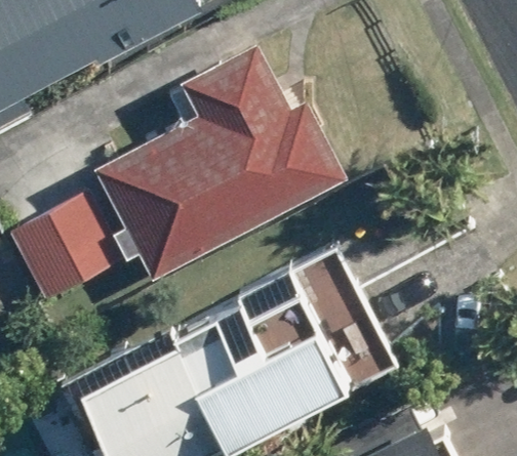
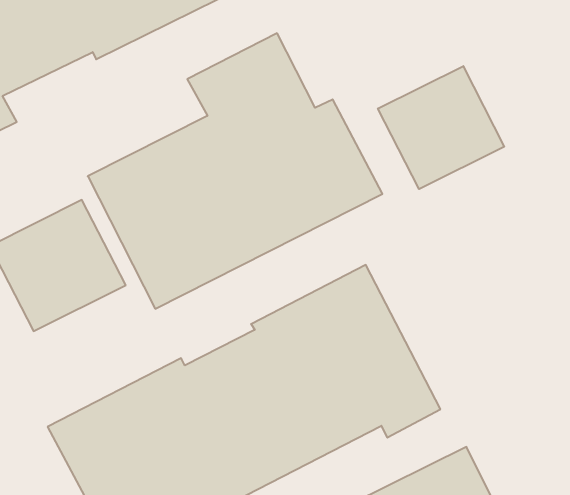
building: none -> [378,66,504,189]

